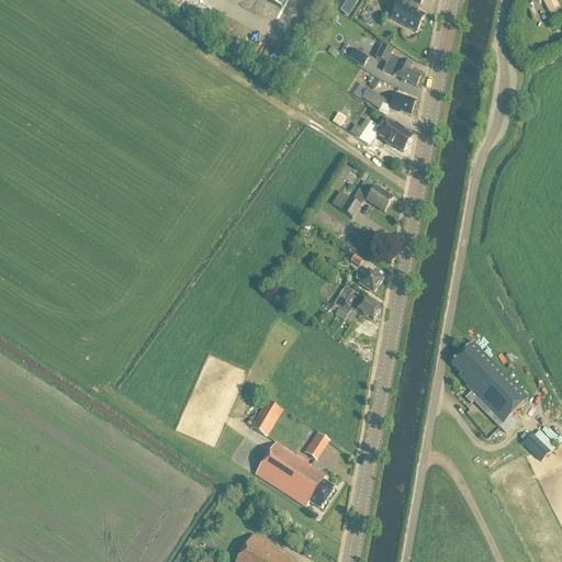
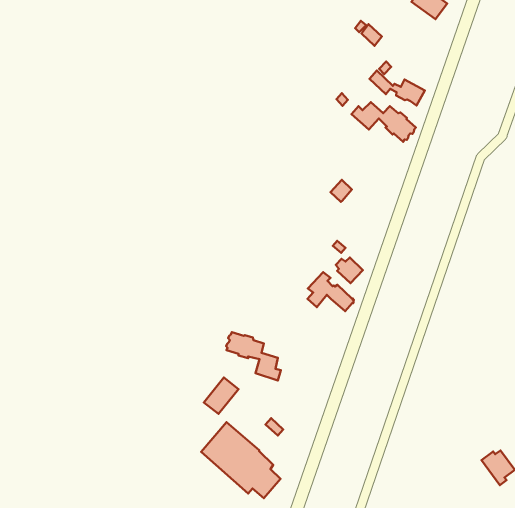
building: [374,43,420,85] -> none
building: [356,180,393,211] -> none
building: [450,340,528,422] -> none
building: none -> [226,332,281,380]

